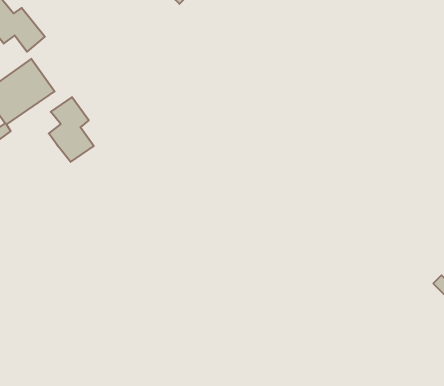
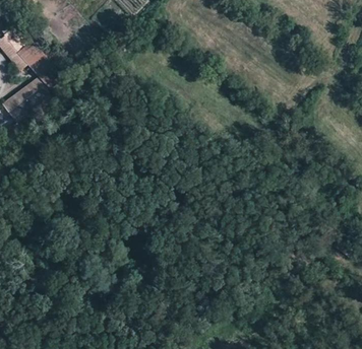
building: [49,97,94,162] -> none

